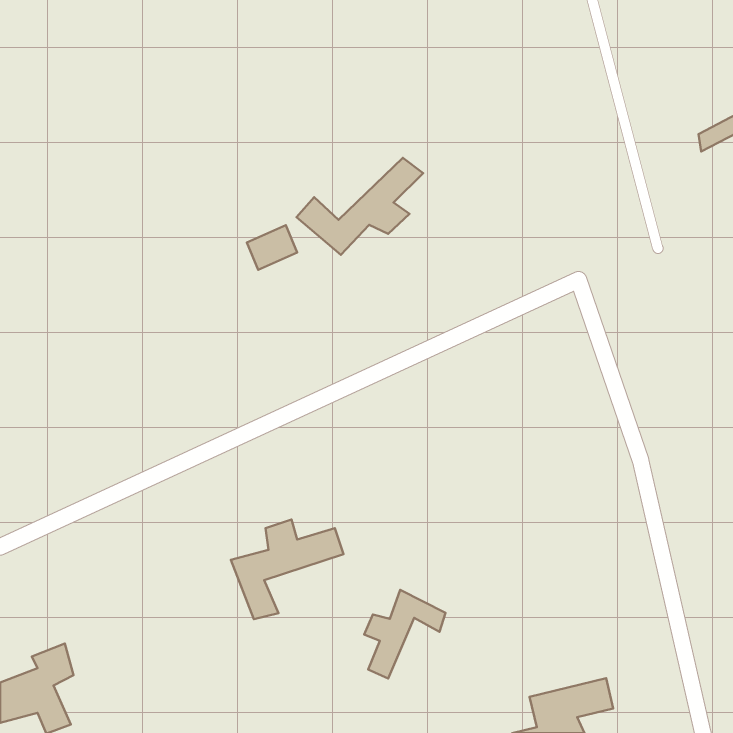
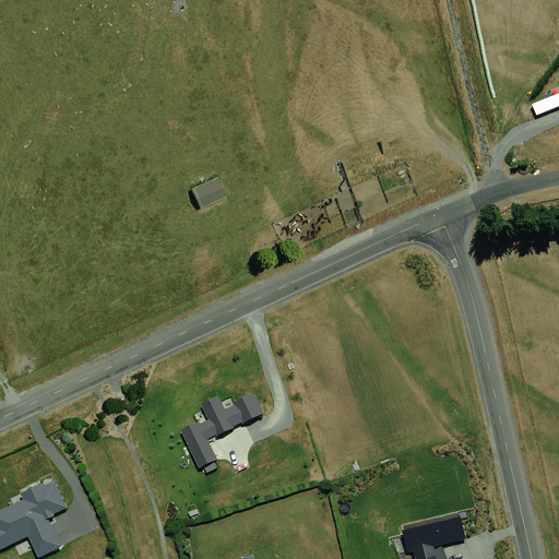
building: [296,158,423,255] -> none
building: [364,590,446,679] -> none

